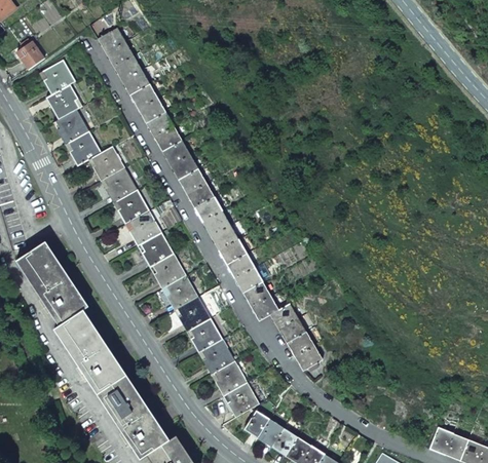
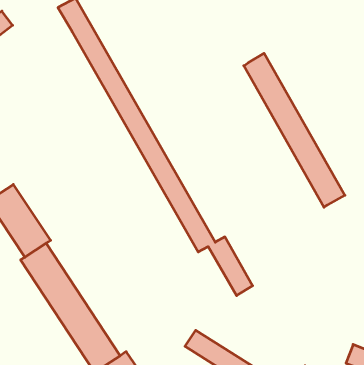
building: [39,60,259,418] -> none
building: none -> [244,53,345,207]

